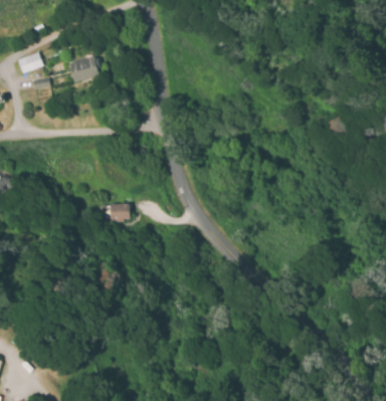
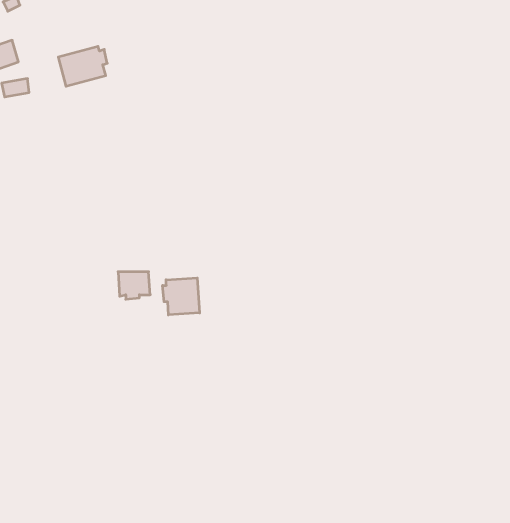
building: none -> [163,278,200,315]

